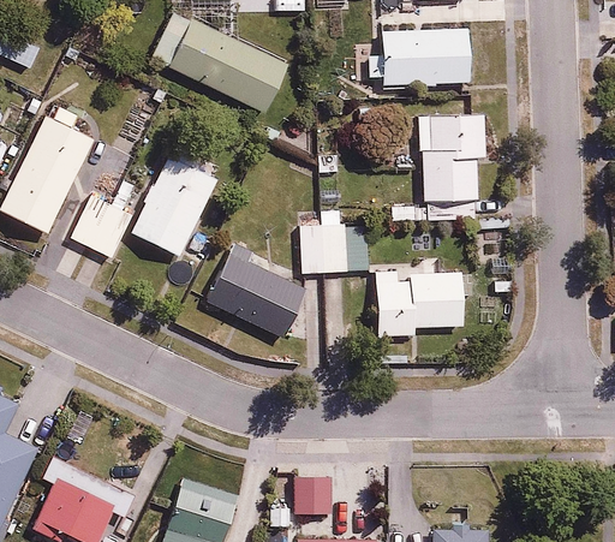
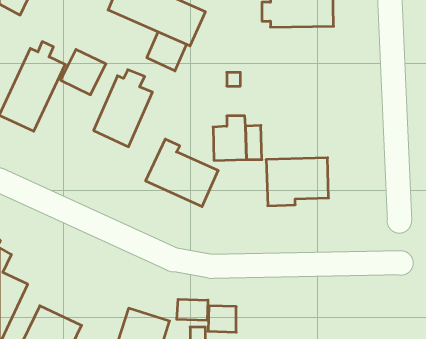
building: none -> [147,32,187,71]
building: [390,114,484,220] -> none
building: [68,193,132,257] -> [61,49,106,95]
building: none -> [177,299,208,320]

